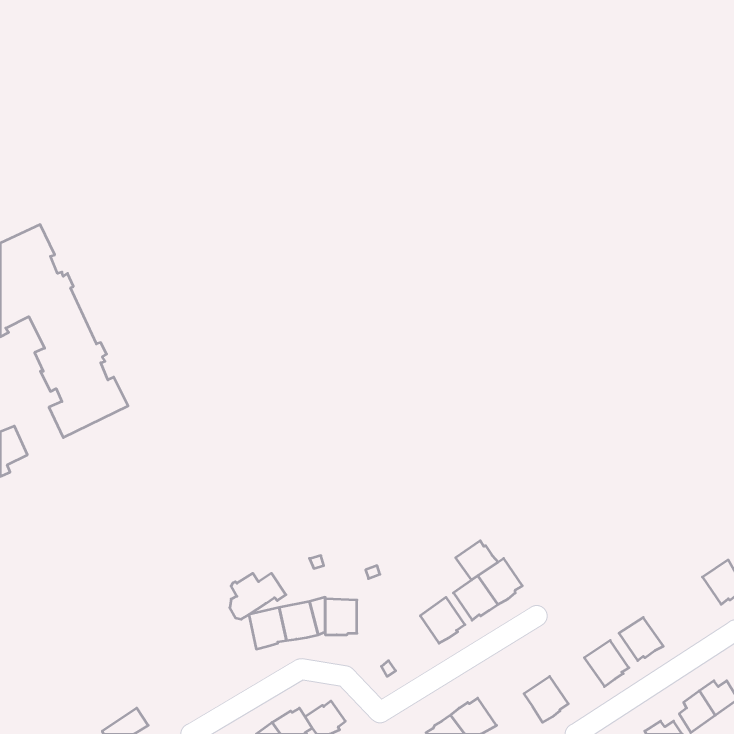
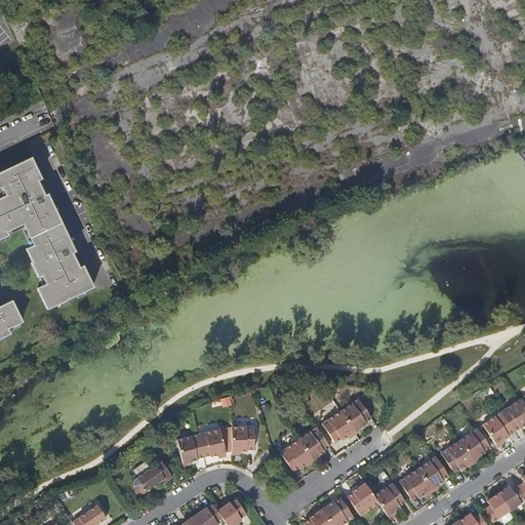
building: [456,541,498,580] -> none
building: [230,573,286,619] -> [133,460,173,493]
building: none -> [483,411,515,445]
building: none -> [459,428,491,460]
building: none -> [282,439,314,470]
building: none -> [400,469,432,499]
building: none -> [349,483,380,516]

